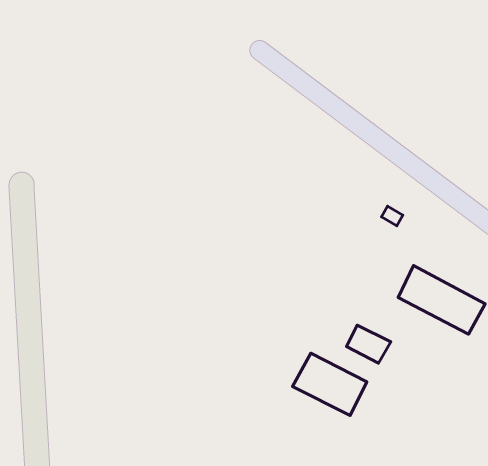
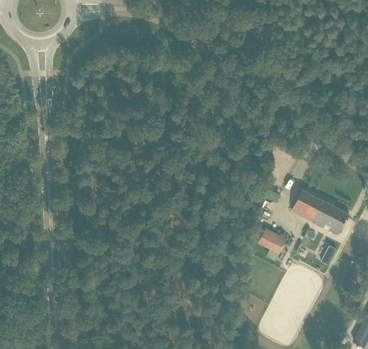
building: [293,353,367,415] -> none

